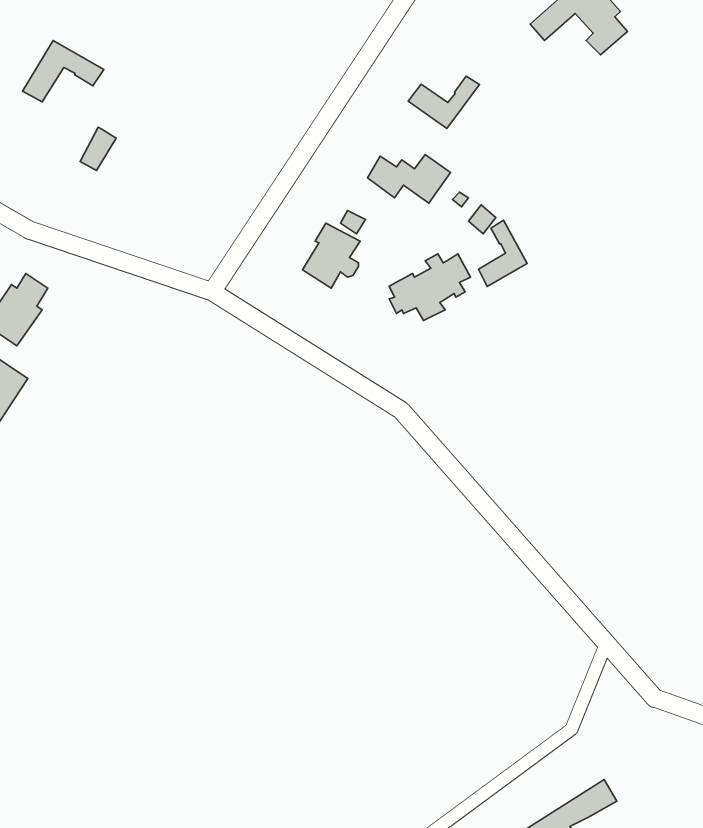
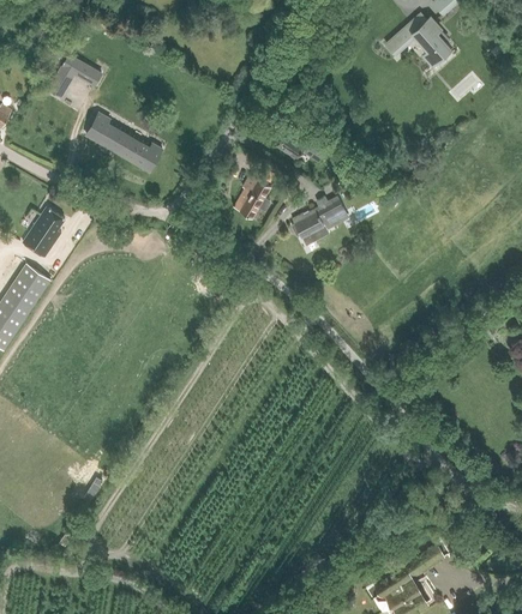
building: [408,76,479,128] -> none
building: none -> [110,136,161,168]
building: [478,220,527,286] -> none

